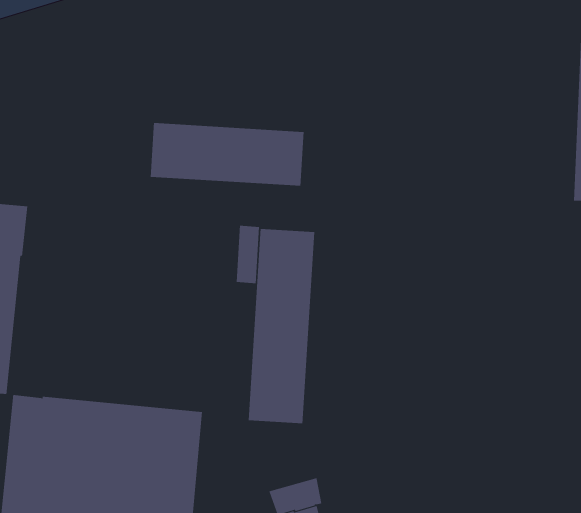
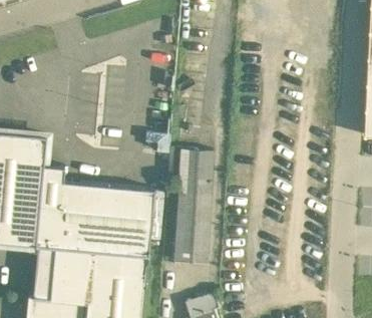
building: [150,122,304,186] -> none
building: none -> [35,167,154,257]

